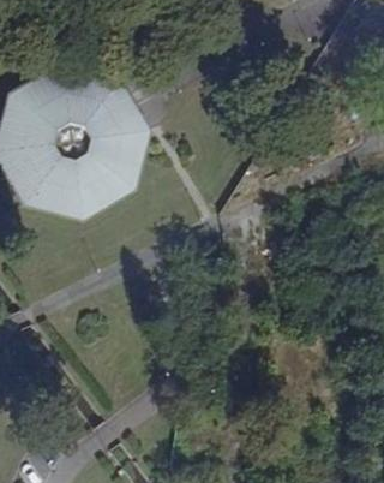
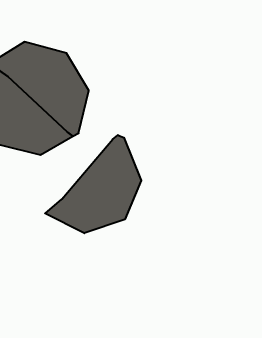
building: none -> [45,135,141,233]

